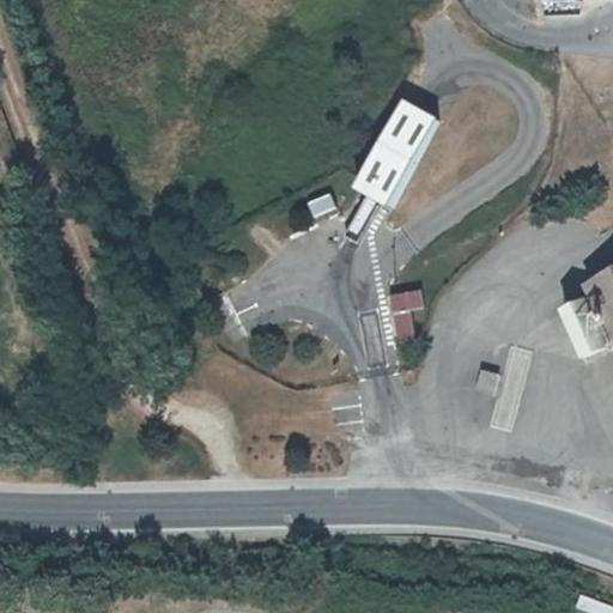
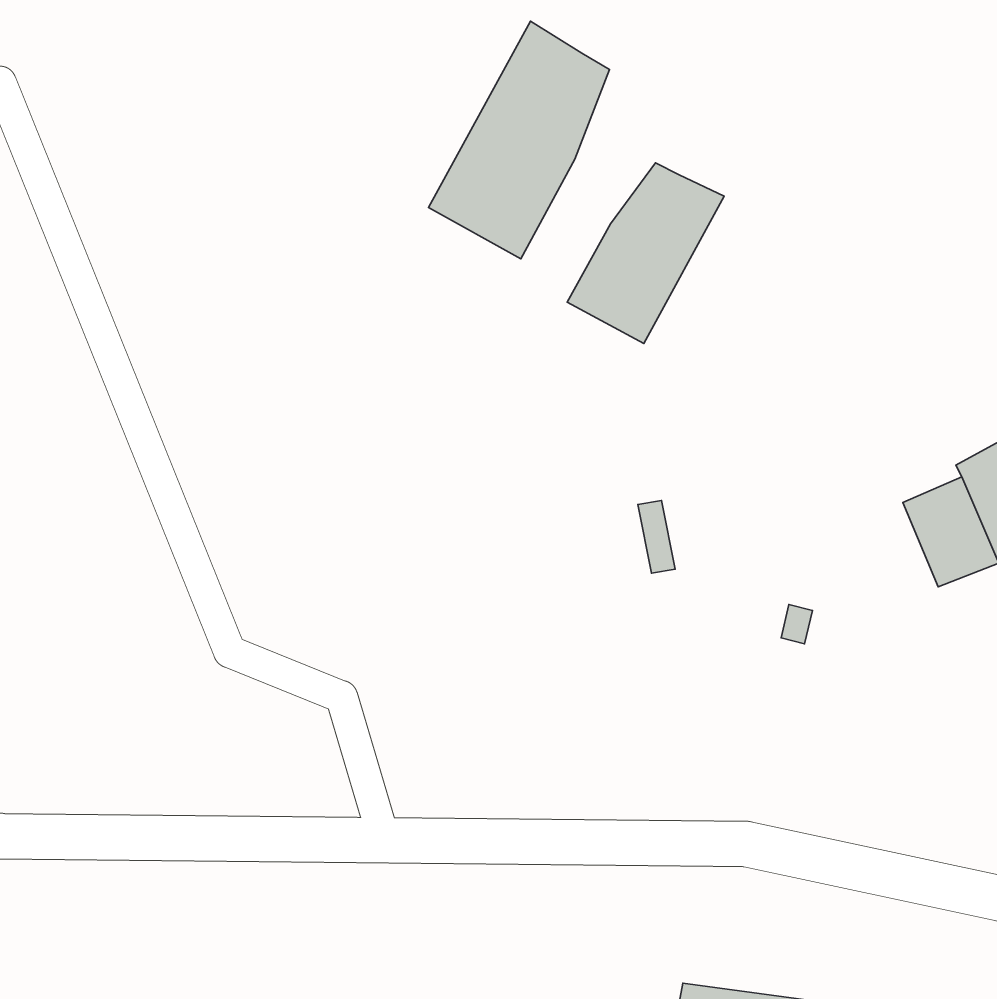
building: none -> [429,21,609,259]

